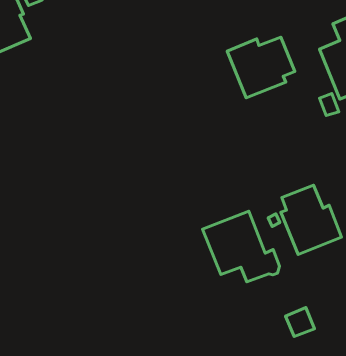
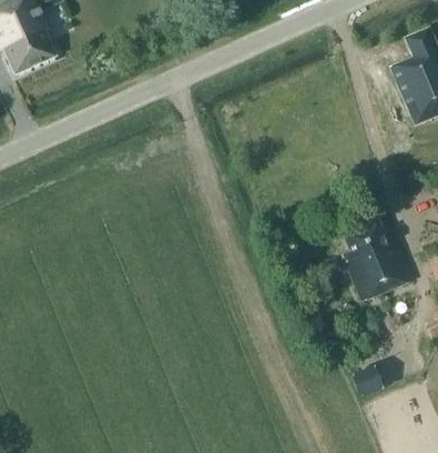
building: [227,37,295,98] -> none
building: [203,211,280,282] -> none

